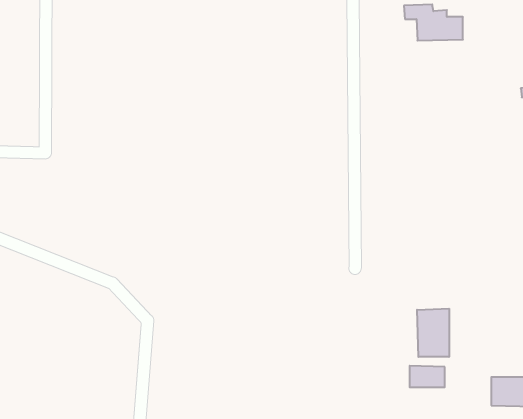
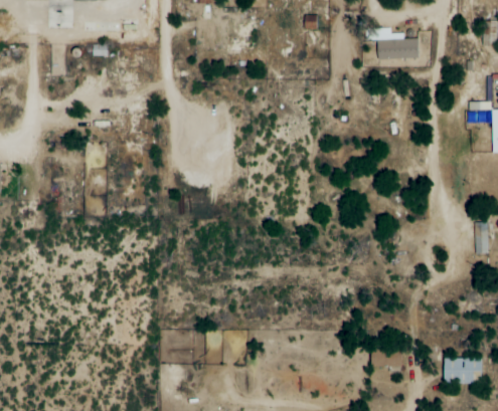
building: [417,309,449,357] -> none

